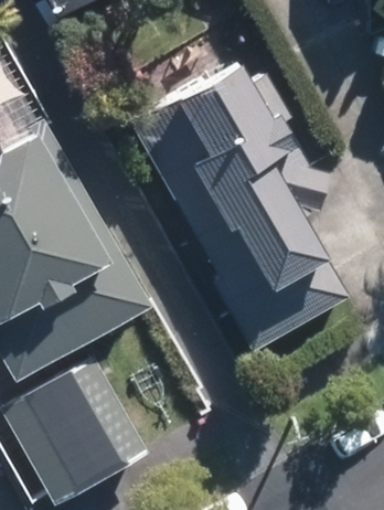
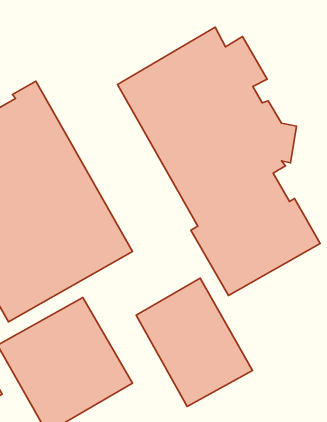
building: none -> [136,278,253,406]

